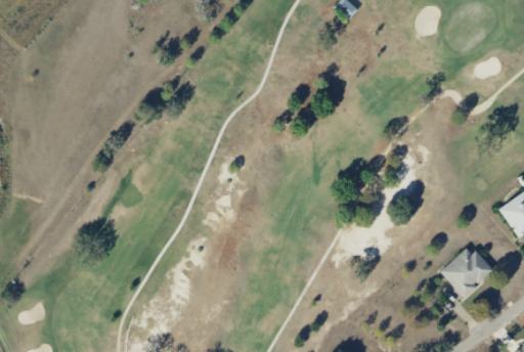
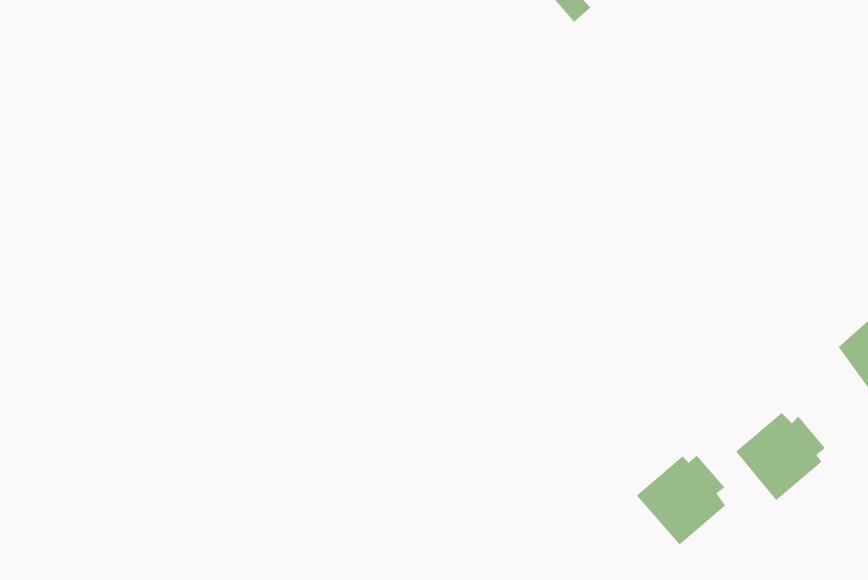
building: none -> [636,454,726,545]

